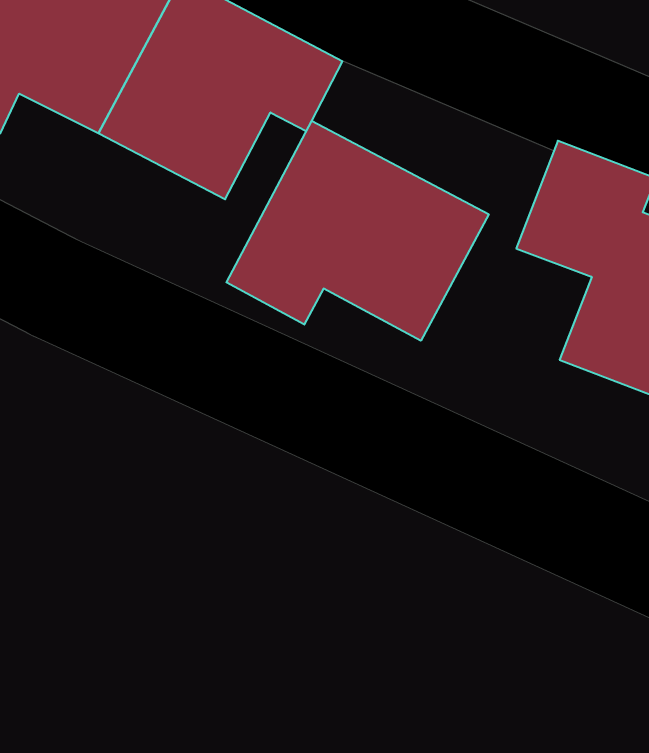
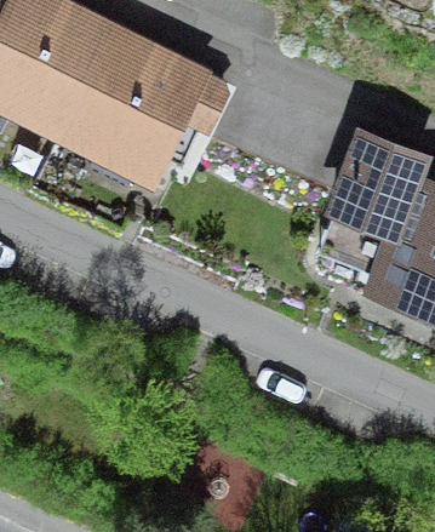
building: [226,121,489,341] -> none

